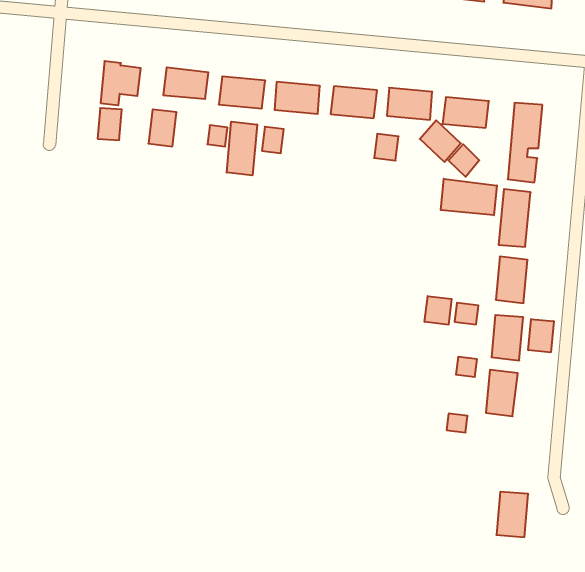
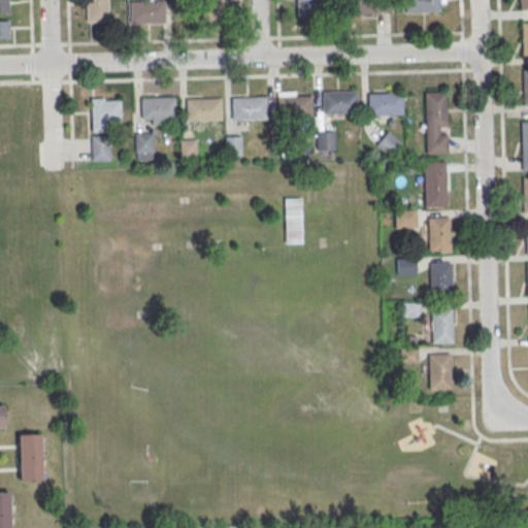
building: [420,120,461,162] -> none
building: [227,122,257,175] -> none
building: [441,179,497,215] -> none
building: none -> [286,197,304,243]
building: [425,296,452,325] -> none
building: [528,319,554,352] -> none
building: [496,492,528,537] -> [429,354,453,390]

